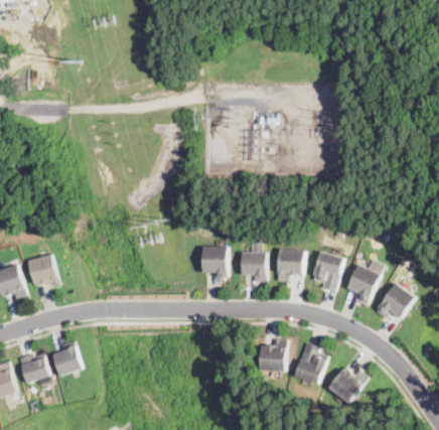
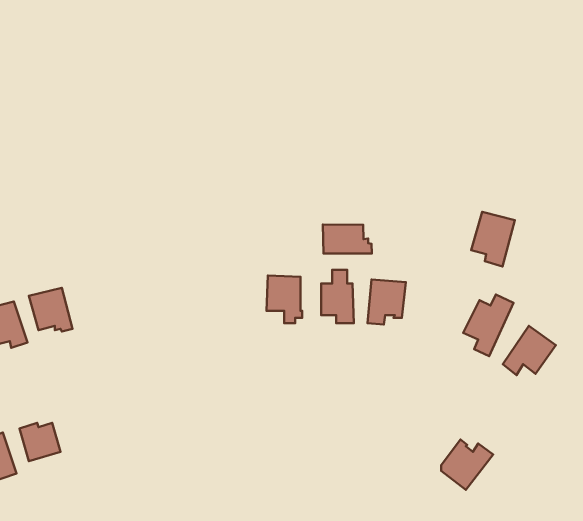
building: none -> [323,224,372,253]
building: [312,252,344,292] -> [471,212,515,267]
building: [261,338,287,372] -> none
building: [53,342,84,376] -> none
building: [294,342,328,384] -> none

